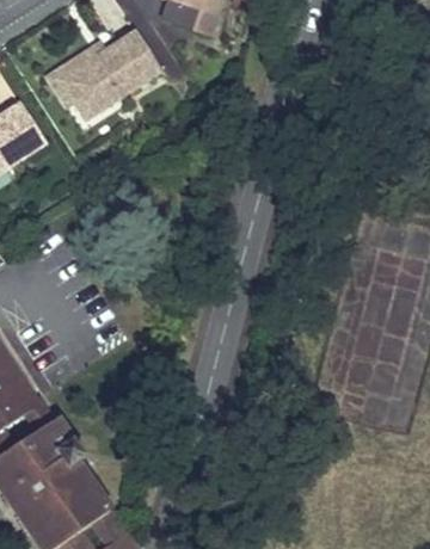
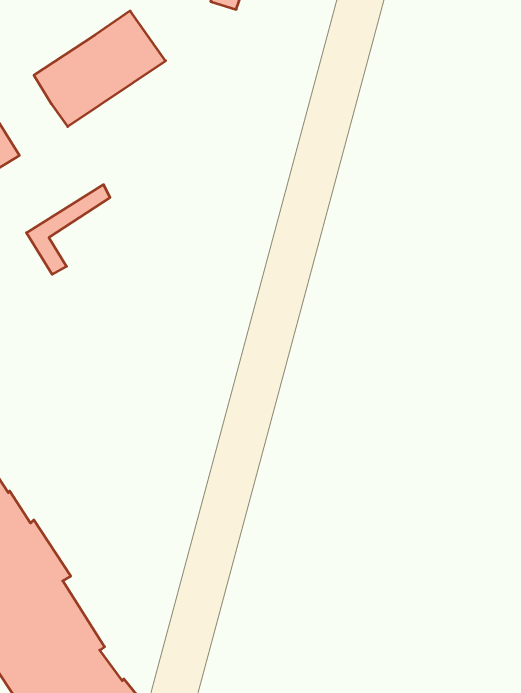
building: [39,44,102,111] -> [26,185,110,274]

